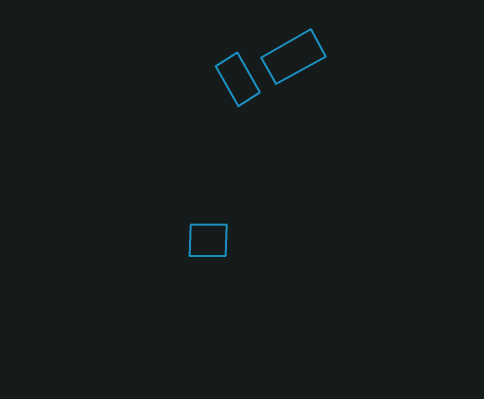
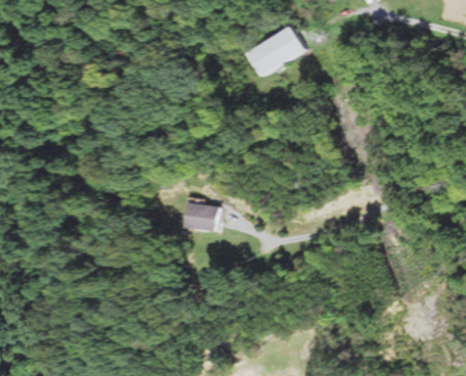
building: [216,53,260,106] -> none

